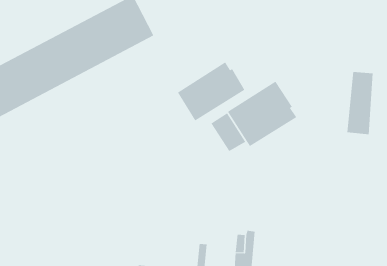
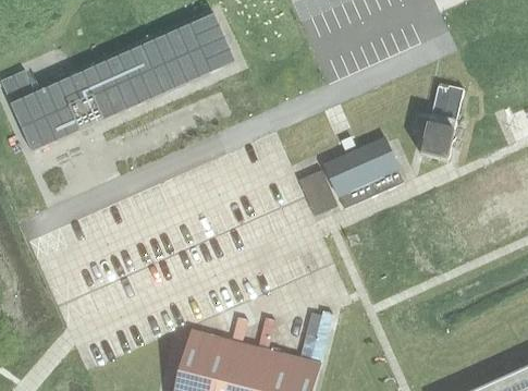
building: [177,61,245,121] -> none
building: [346,71,373,135] -> [418,84,459,160]

